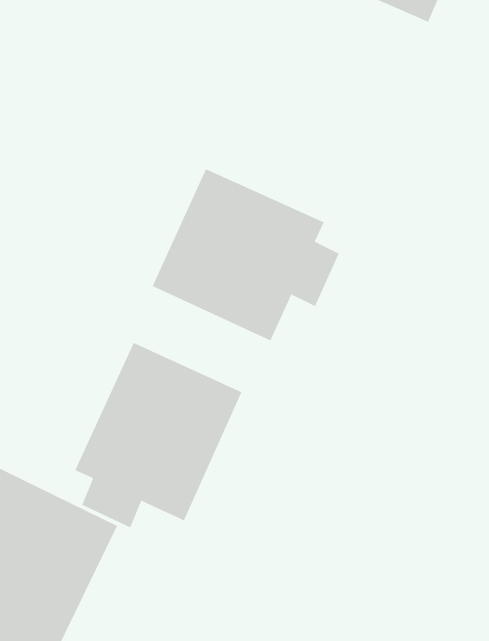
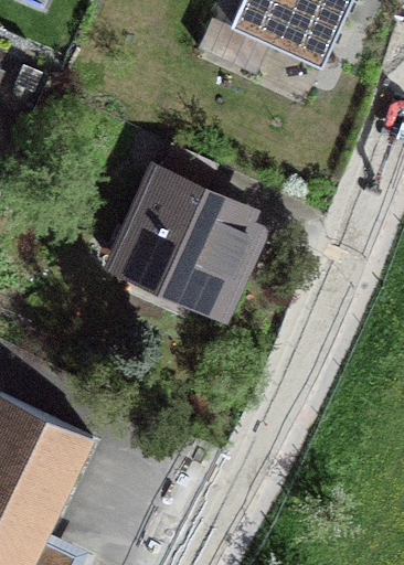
building: [74,342,242,528] -> none

